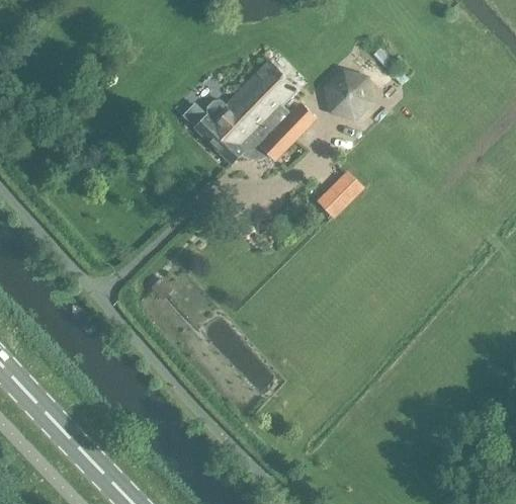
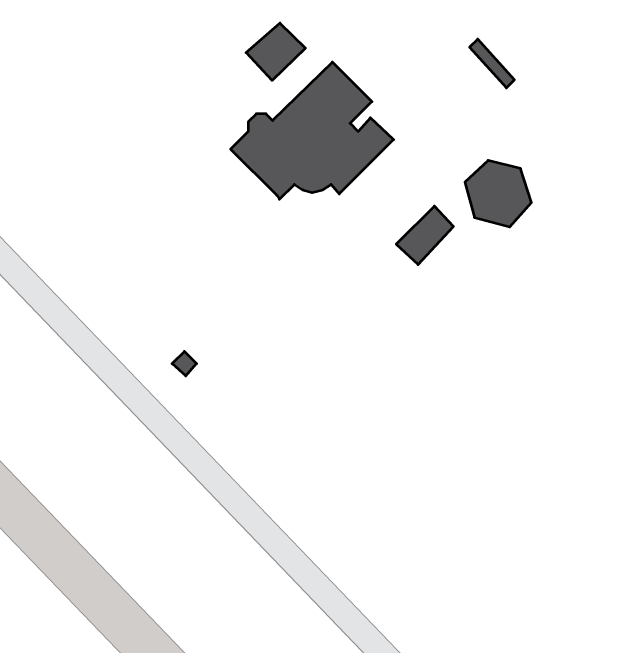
building: none -> [246,23,305,80]
building: [324,69,373,118] -> [465,160,531,227]

